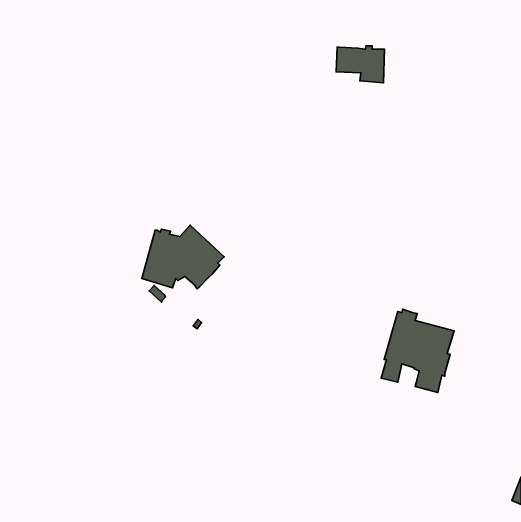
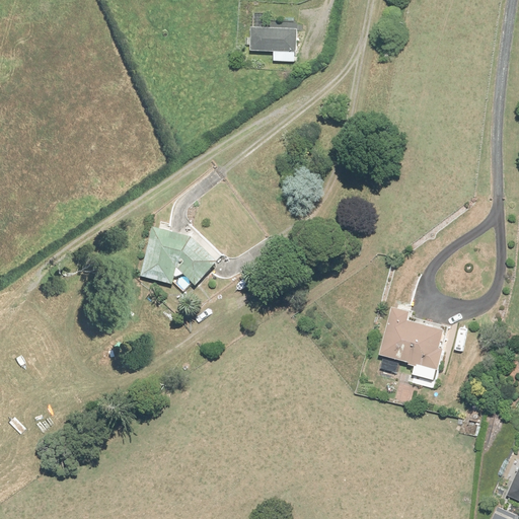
building: [336,46,385,83] -> [248,24,296,61]

